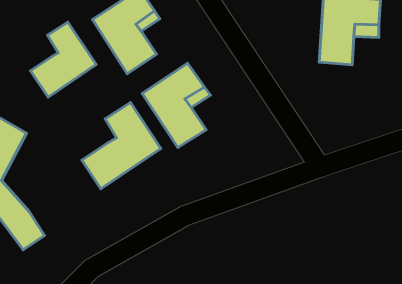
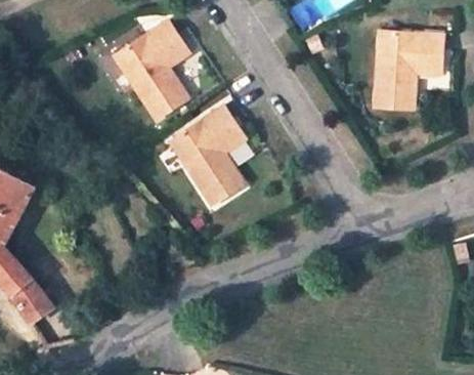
building: [31,22,96,97] -> none
building: [82,102,161,189] -> none

